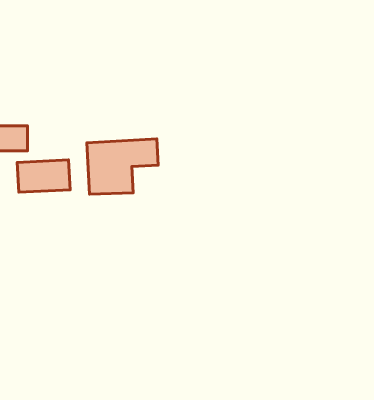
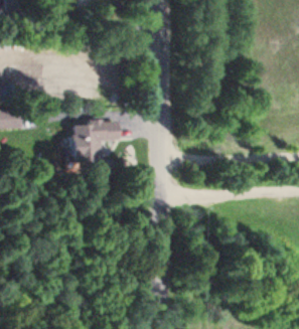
building: [17,160,70,192] -> none

